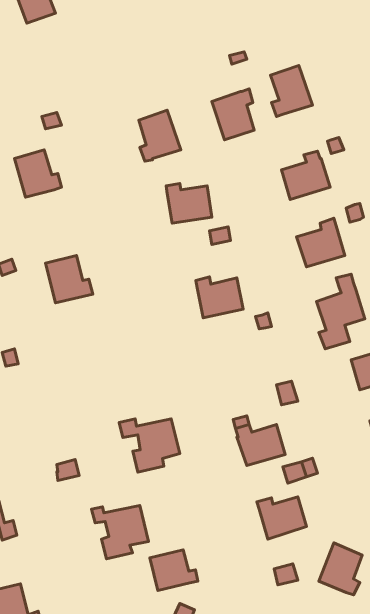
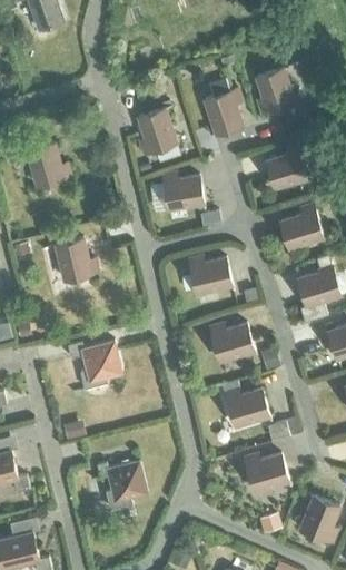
building: none -> [209,324,255,361]
building: [119,419,180,472] -> [67,342,121,390]
building: [150,550,198,591] -> none

